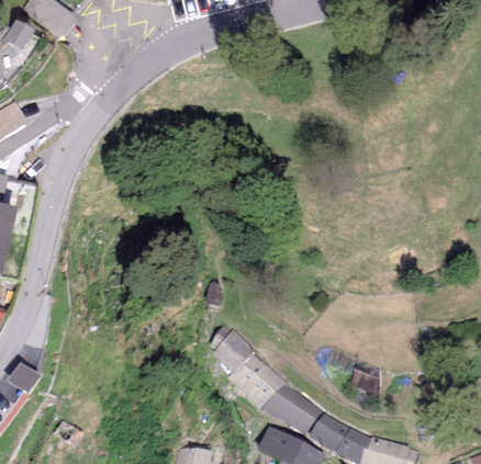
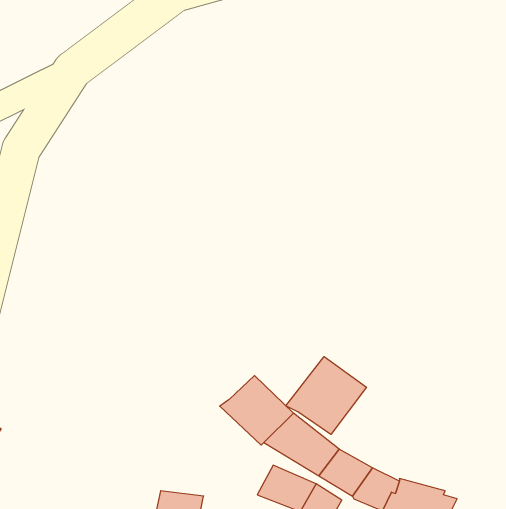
building: [210,326,253,372] -> none
building: none -> [286,357,366,434]

